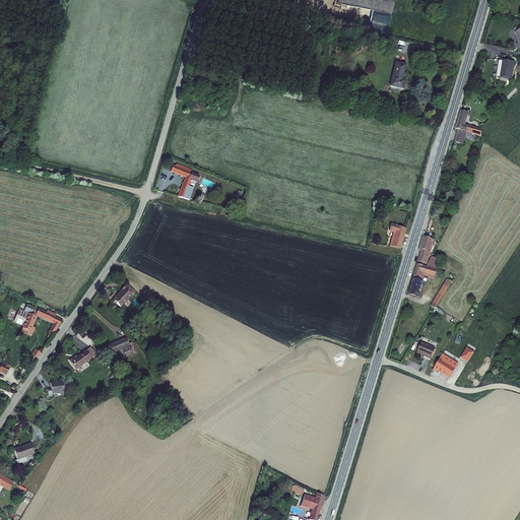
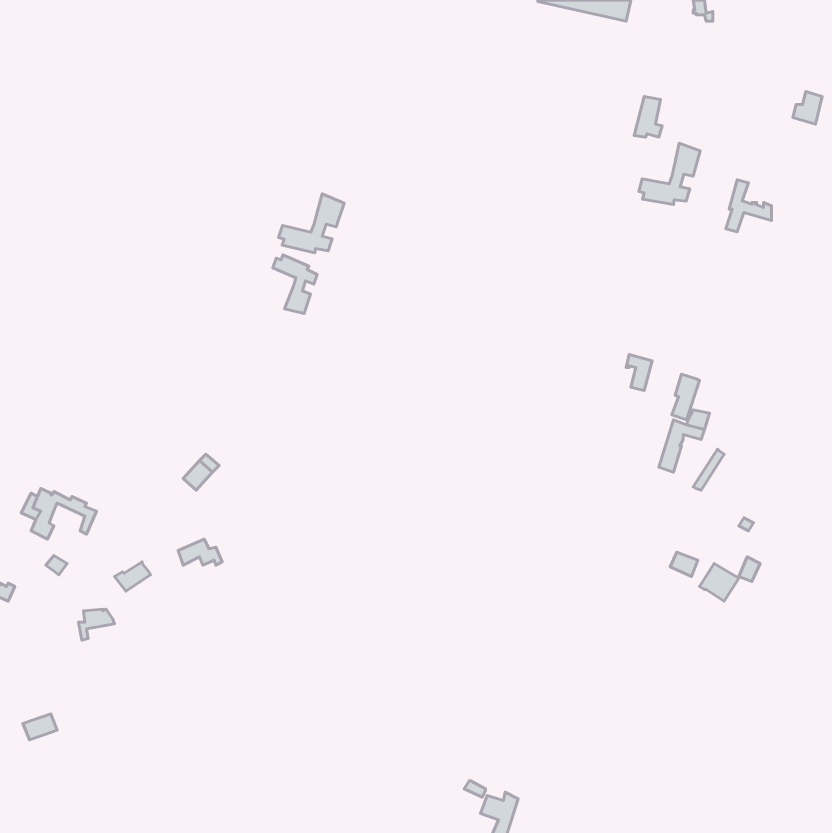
building: none -> [639,143,700,205]
building: none -> [278,194,344,253]

